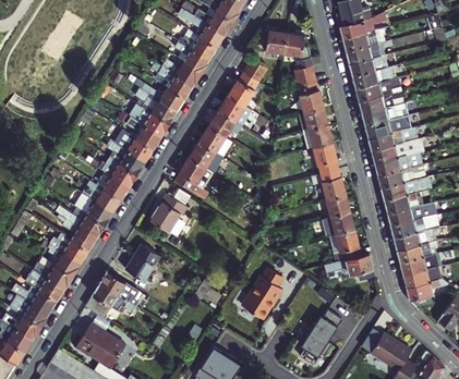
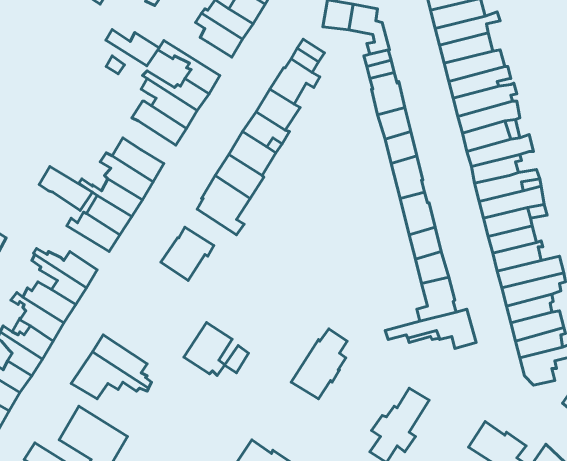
building: [162,60,201,86] -> [106,29,159,66]
building: [128,119,160,149] -> none
building: [74,194,112,225] -> [39,166,92,210]
building: [125,245,160,283] -> [184,322,232,375]

